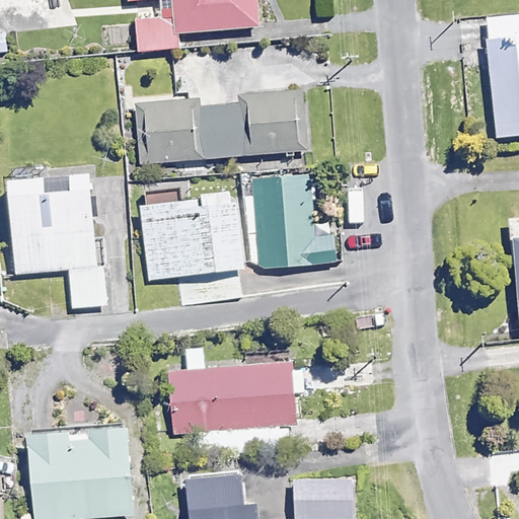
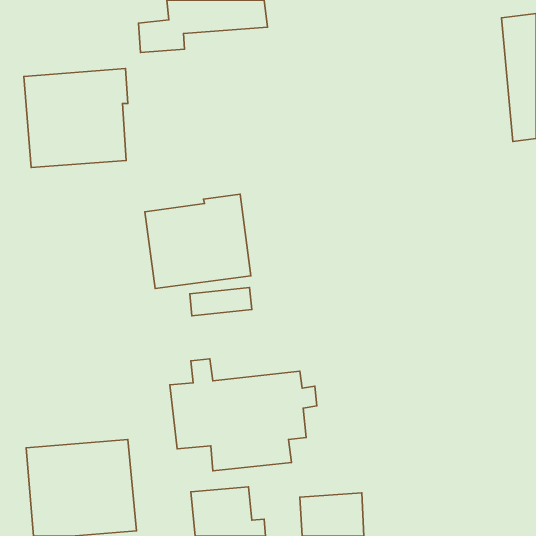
building: none -> [24,68,128,168]
building: [138,89,306,164] -> none
building: [4,170,107,308] -> none
building: [253,172,335,269] -> none

